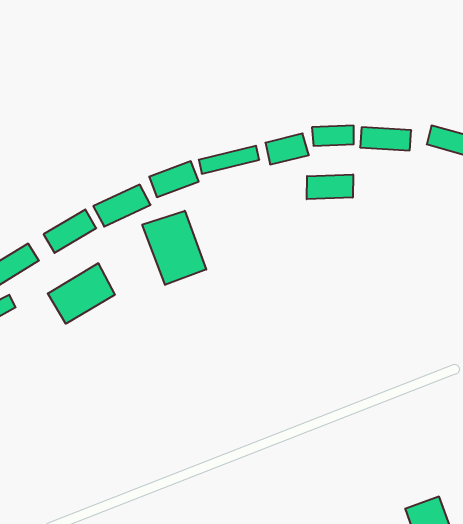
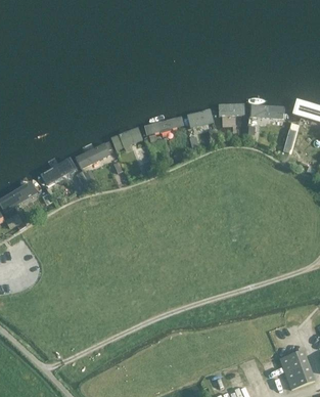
building: [307,174,353,199] -> none
building: [142,211,206,285] -> none
building: [48,263,115,324] -> none

